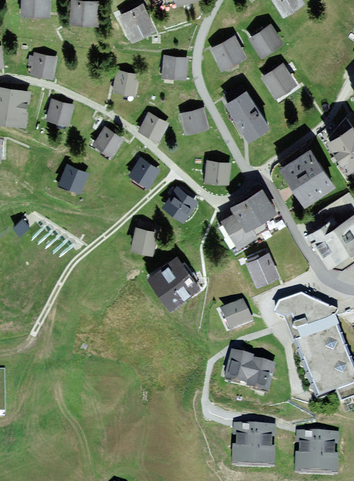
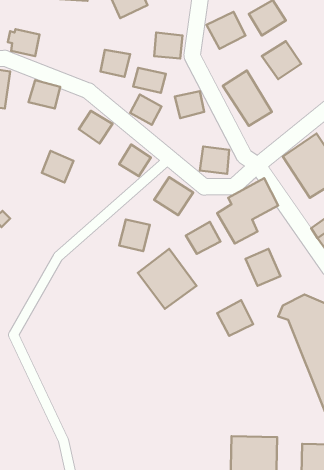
building: none -> [133,68,166,93]
building: none -> [186,222,221,254]
building: [224,353,275,396] -> none

